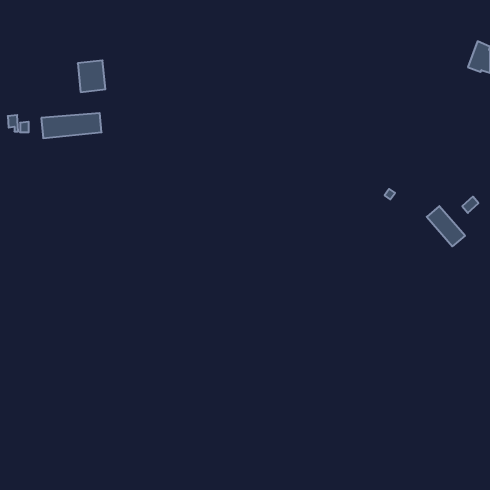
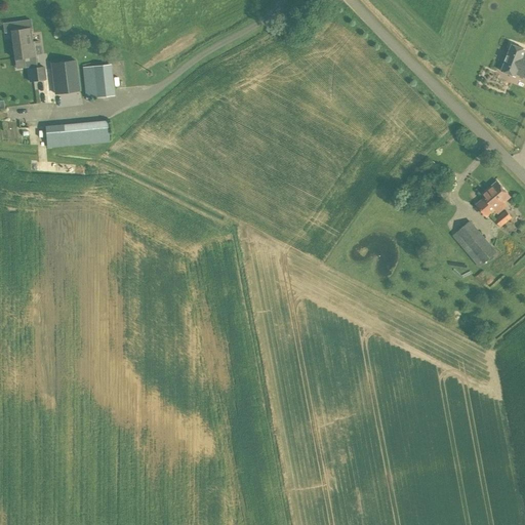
building: none -> [10,29,46,82]
building: none -> [51,60,80,93]
building: none -> [476,181,510,217]

